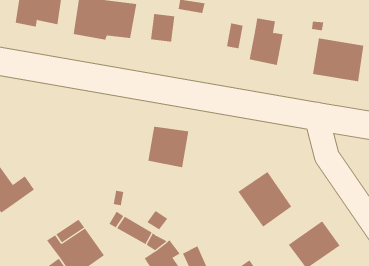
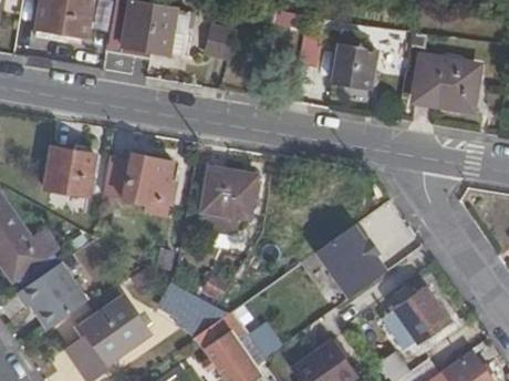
building: none -> [44,148,94,197]
building: none -> [123,156,175,218]
building: none -> [23,260,90,327]

